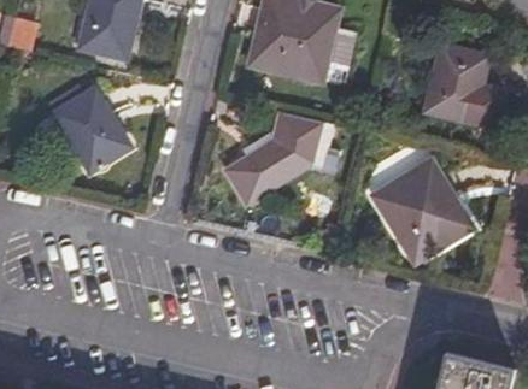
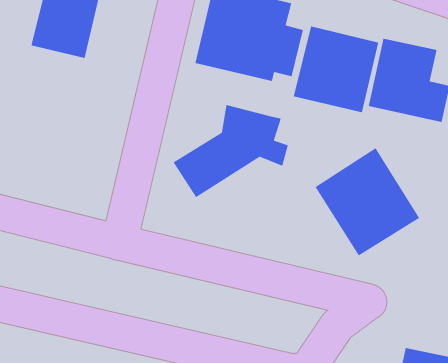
building: none -> [293,25,379,113]
building: [45,84,130,175] -> none

